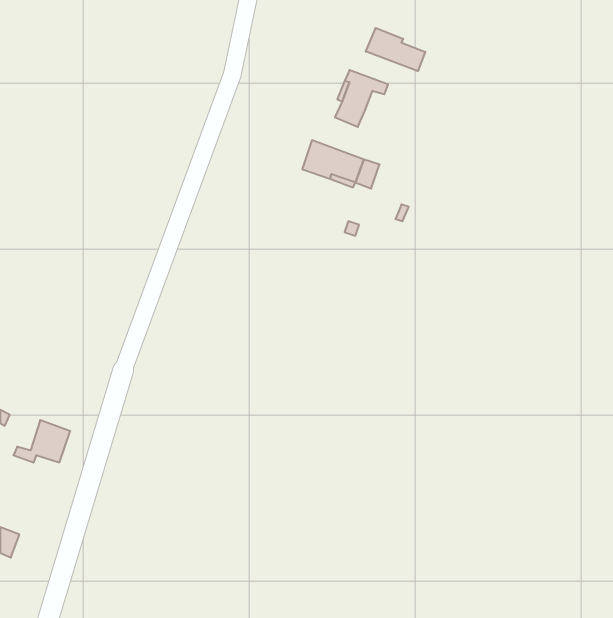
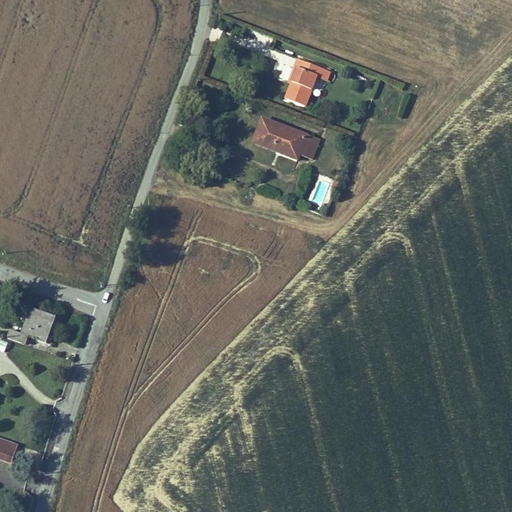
building: [366,28,425,71] -> none
building: [13,420,70,462] -> [12,310,59,345]

